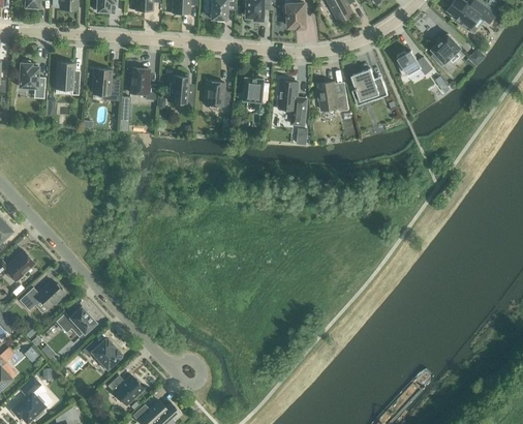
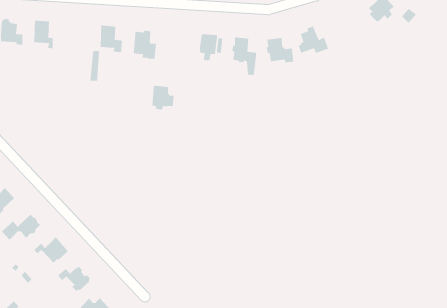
building: [396,51,431,77] -> none
building: [91,69,118,100] -> none
building: [204,81,229,110] -> [151,85,174,111]

